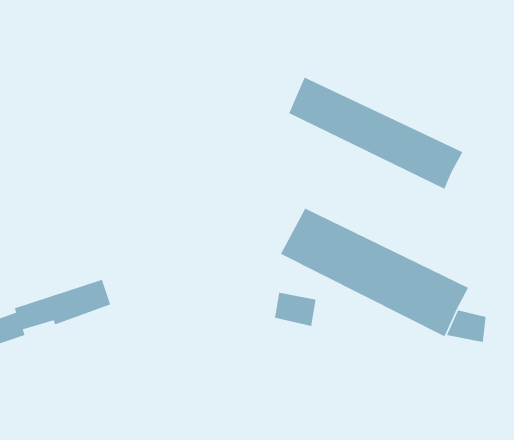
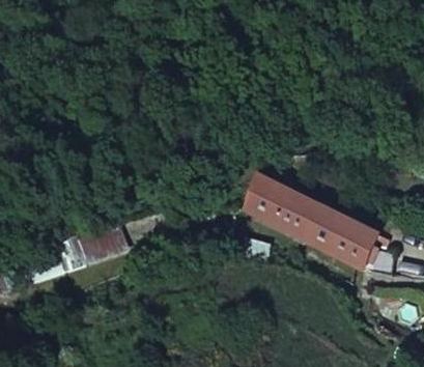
building: [288,77,463,190] -> none

